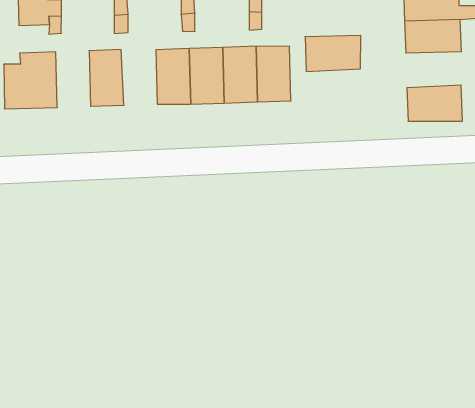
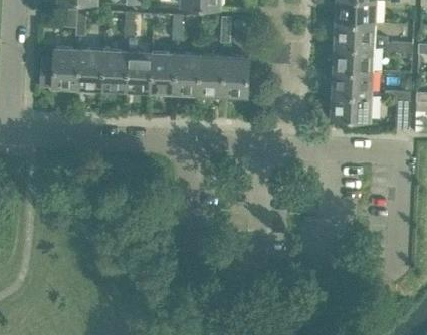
building: [305,35,361,72] -> [332,68,373,94]
building: none -> [127,50,153,91]
building: none -> [78,48,104,89]

